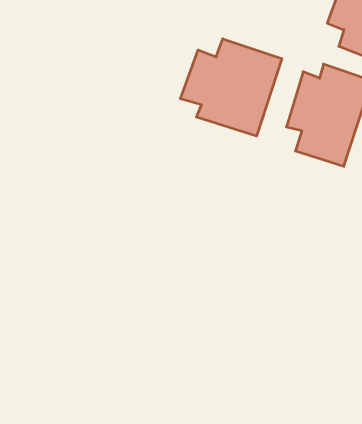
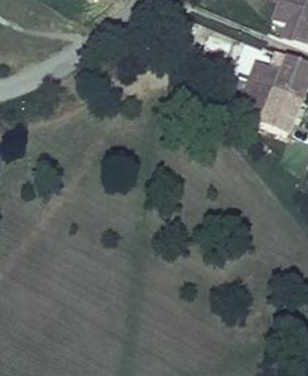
building: [180,39,282,136] -> none

